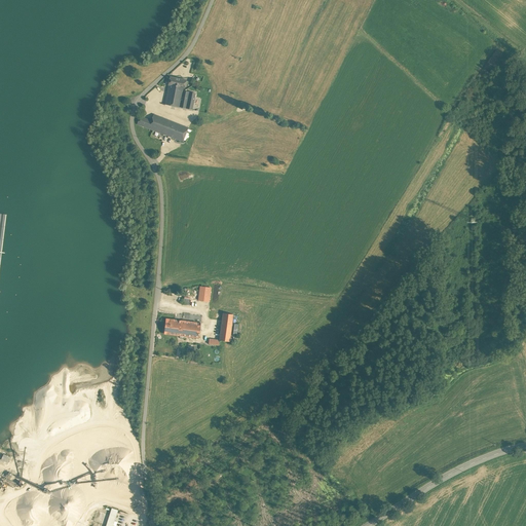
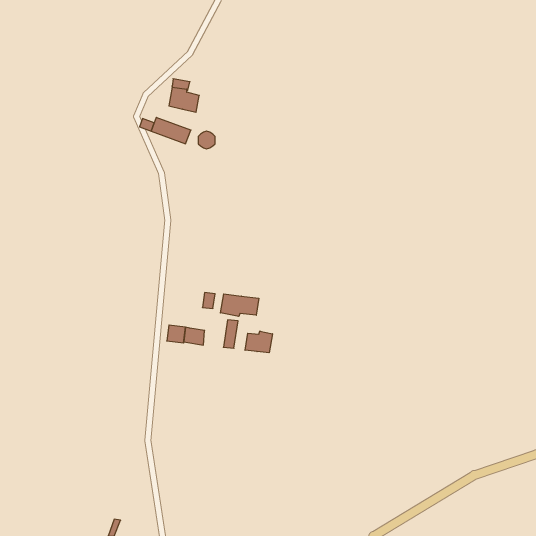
building: none -> [220,294,259,316]
building: none -> [245,331,272,353]

